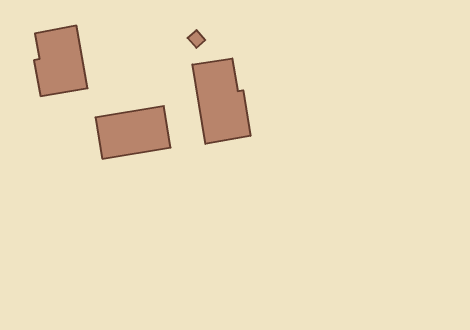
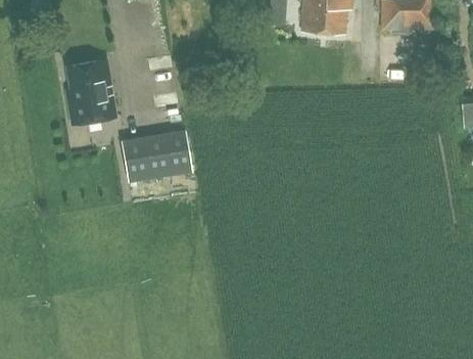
building: [192,58,250,144] -> none

